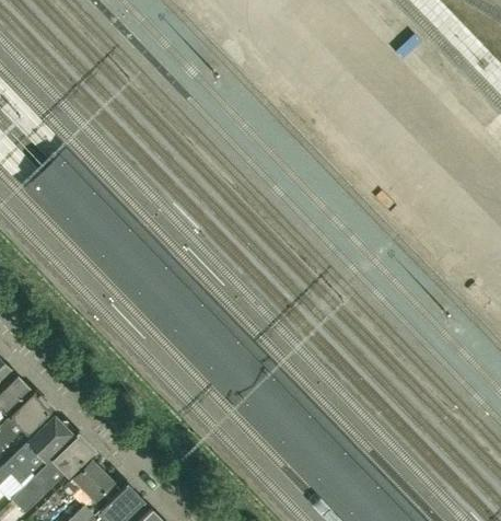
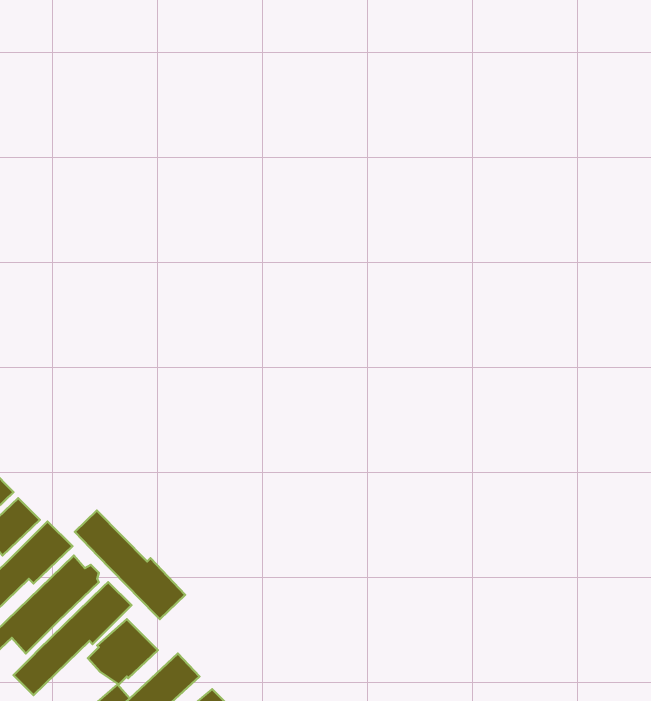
building: none -> [75,511,185,619]

